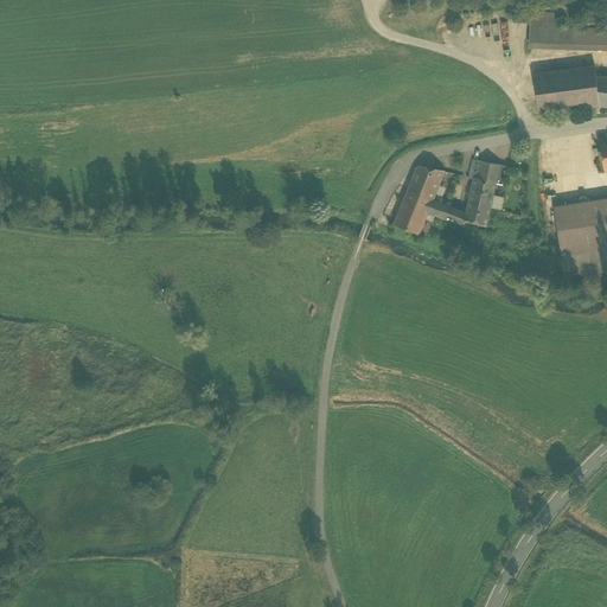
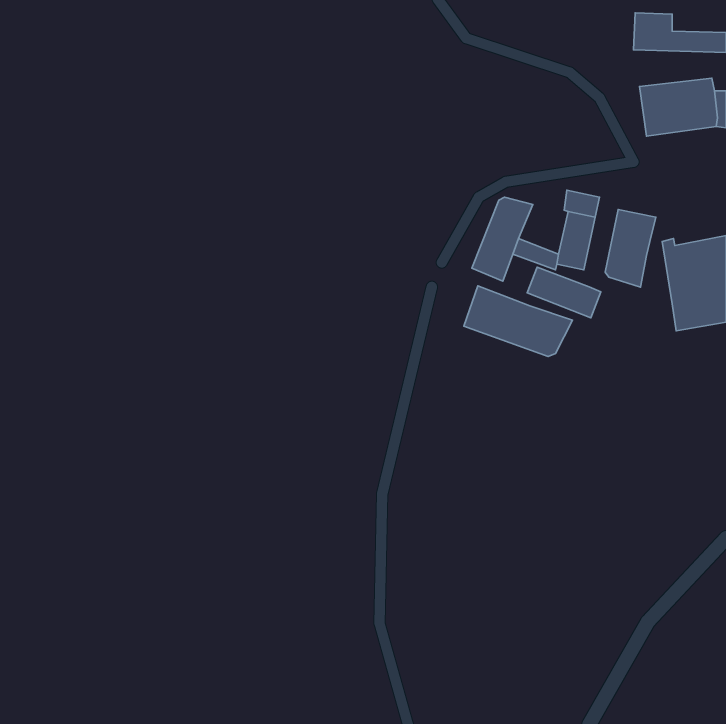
building: none -> [605,210,656,287]
building: none -> [527,267,601,318]
building: none -> [464,286,572,356]

